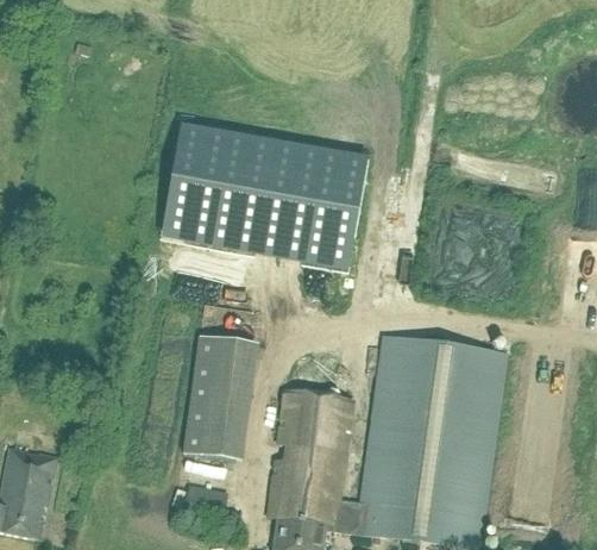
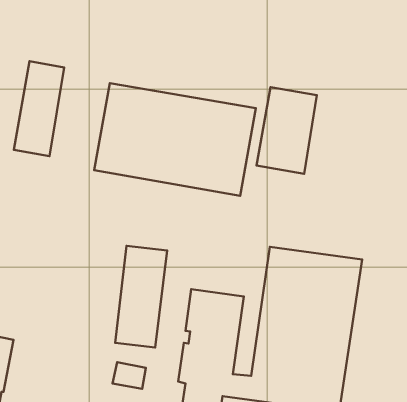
building: none -> [14,61,64,156]
building: none -> [257,87,317,174]

